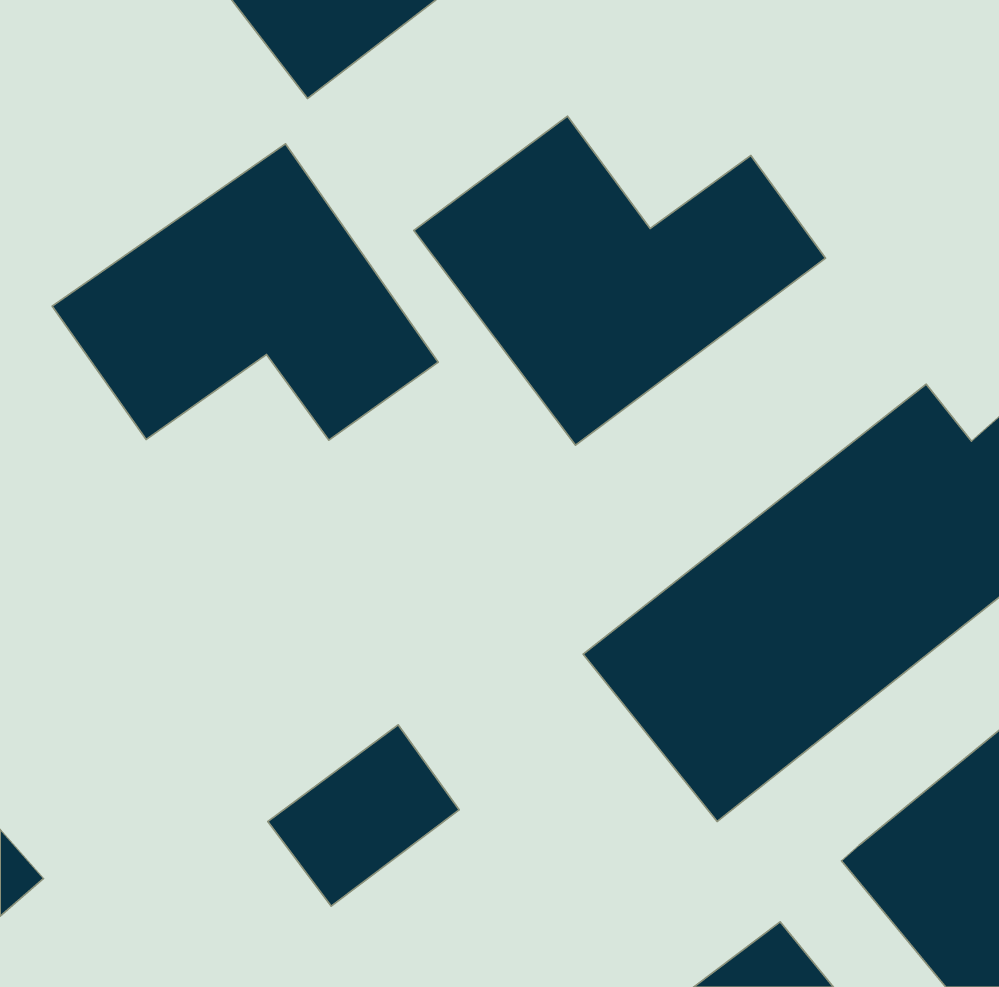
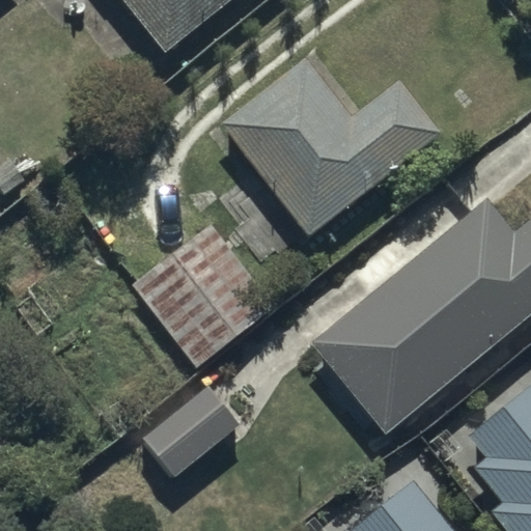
building: [52,144,438,440] -> none
building: none -> [129,223,276,369]

